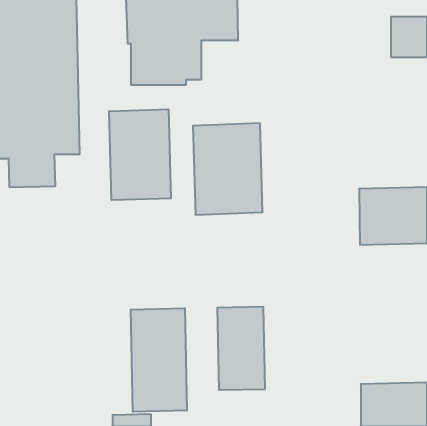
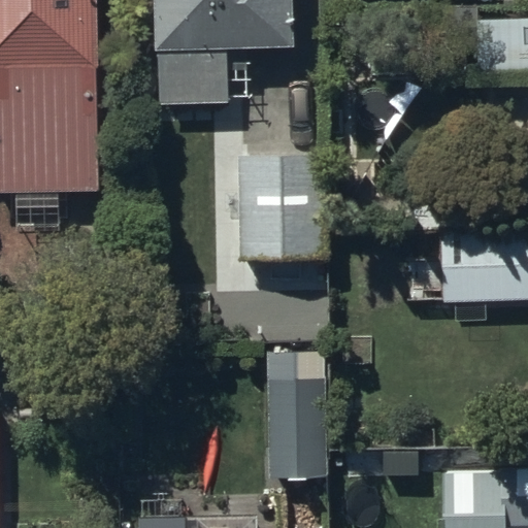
building: [109,109,171,200] -> none
building: [131,308,187,412] -> none

